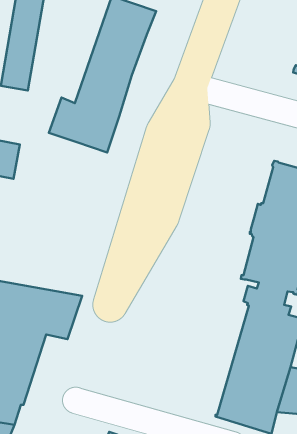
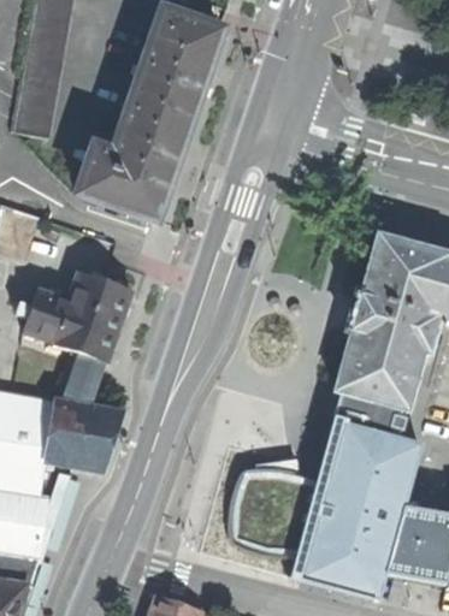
building: none -> [22,272,130,403]

